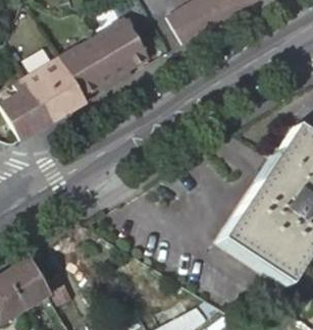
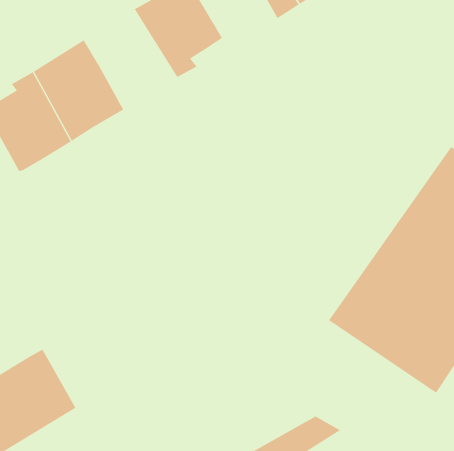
building: [59,39,118,98] -> none

